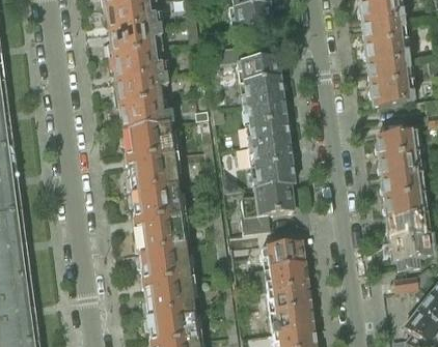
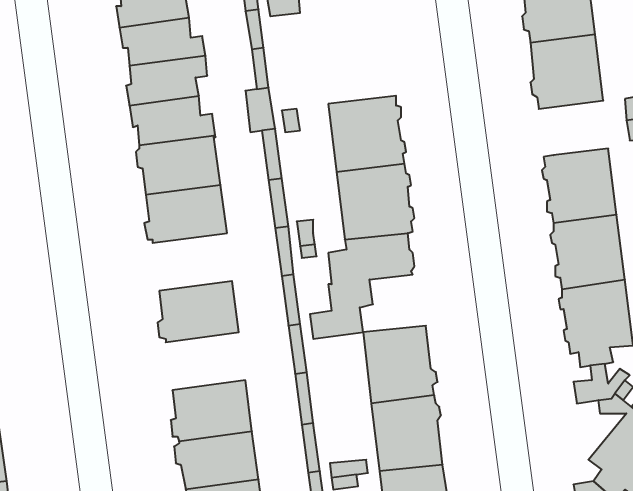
building: [237,55,285,103] -> none
building: [129,183,182,220] -> none
building: [137,245,190,282] -> none

